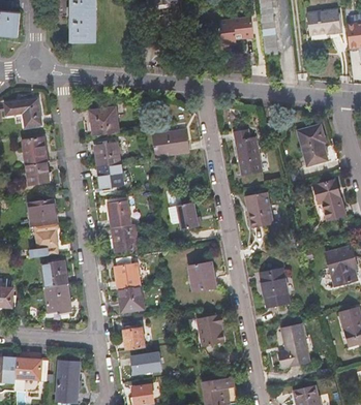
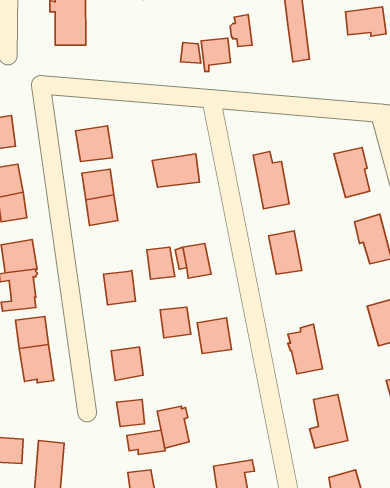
building: [229,14,252,41] -> [201,38,230,72]
building: [109,200,131,226] -> [147,247,175,279]
building: [115,263,140,288] -> [160,307,191,338]
building: [198,313,223,347] -> [157,406,189,448]

